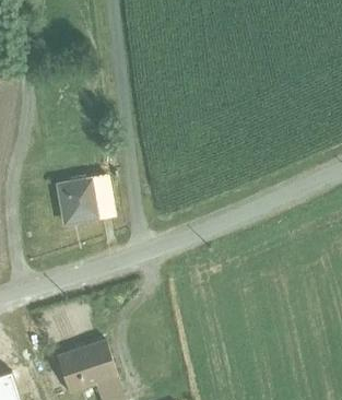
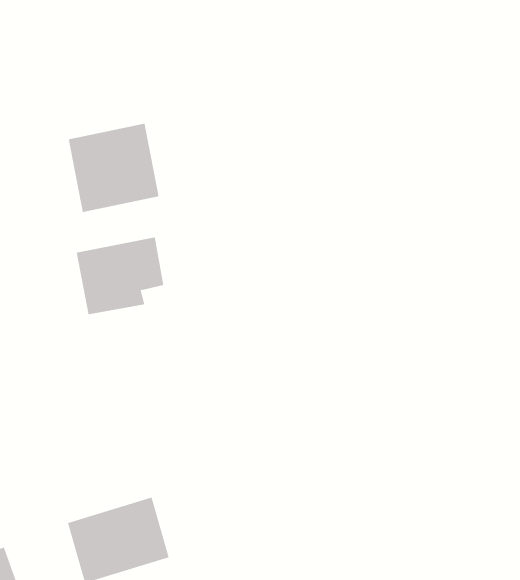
building: none -> [68,123,159,213]

